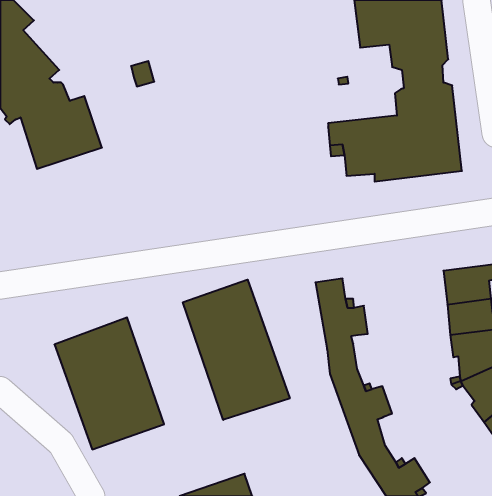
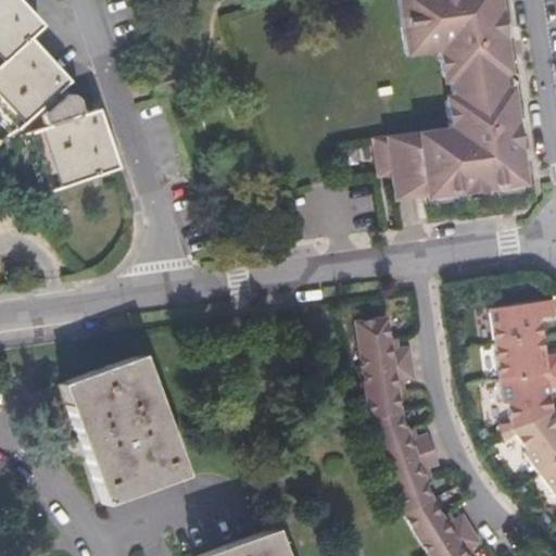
building: [183,280,290,420] -> none

